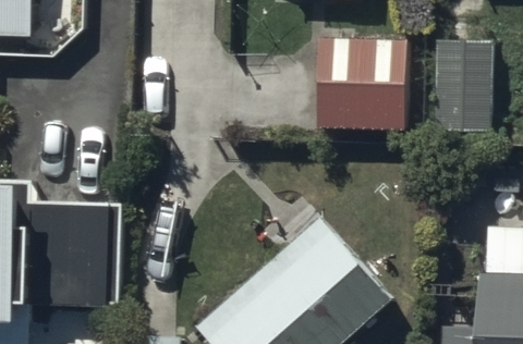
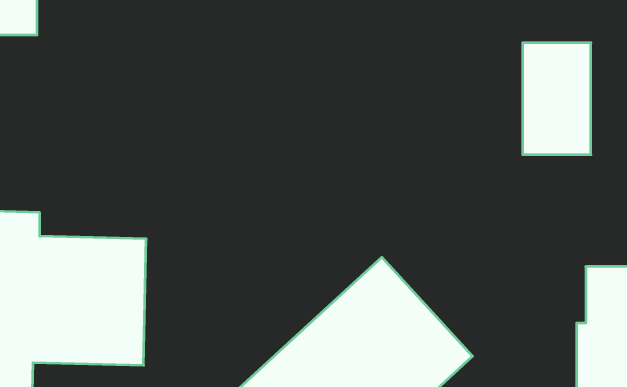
building: [317,39,409,132] -> none

